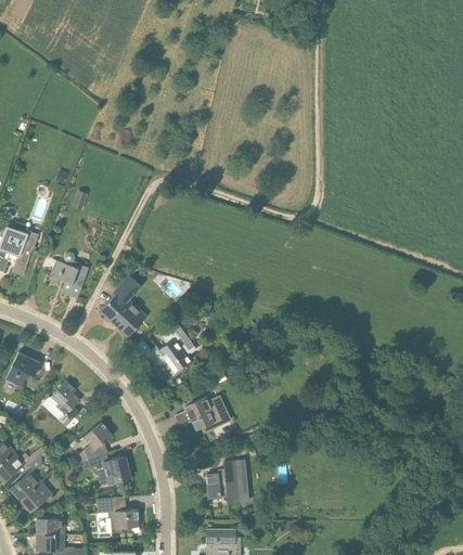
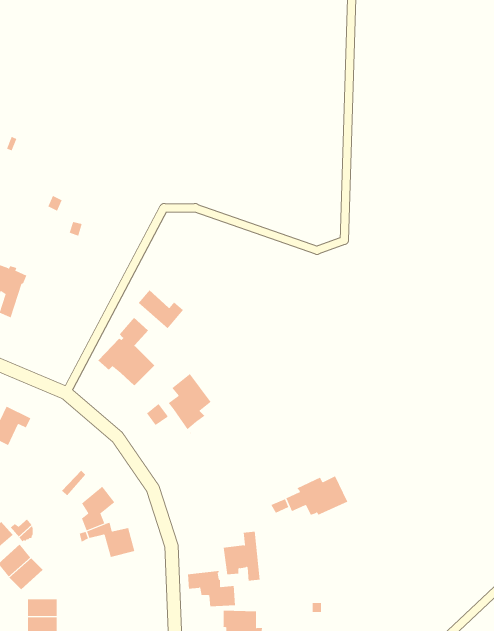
building: none -> [138,290,184,329]
building: [50,253,89,299] -> none
building: [47,380,80,417] -> none
building: [175,396,229,430] -> [285,476,348,516]
building: [97,496,139,528] -> [187,570,236,607]

